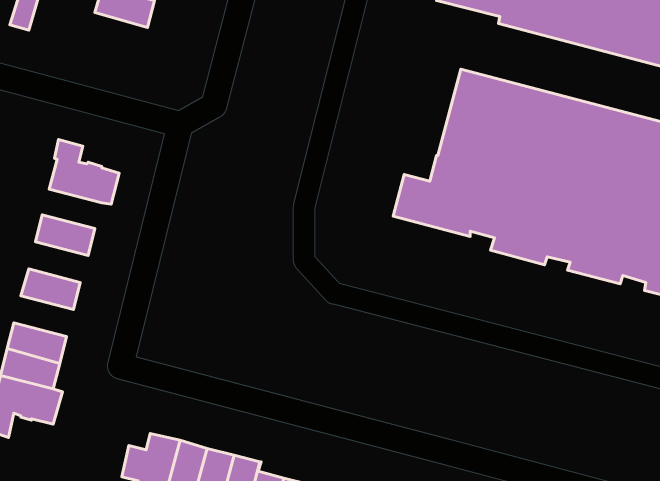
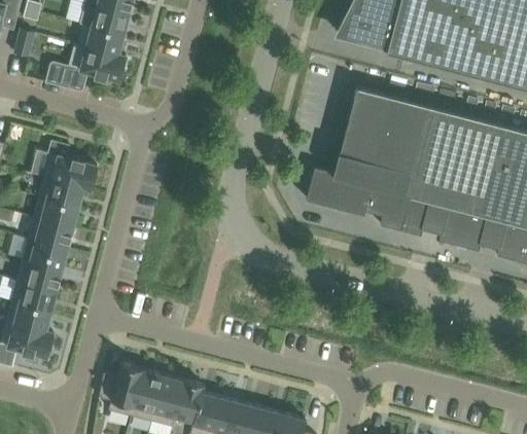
building: none -> [59,43,126,93]
building: none -> [38,179,83,209]
building: none -> [28,219,73,250]
building: none -> [16,260,62,291]

